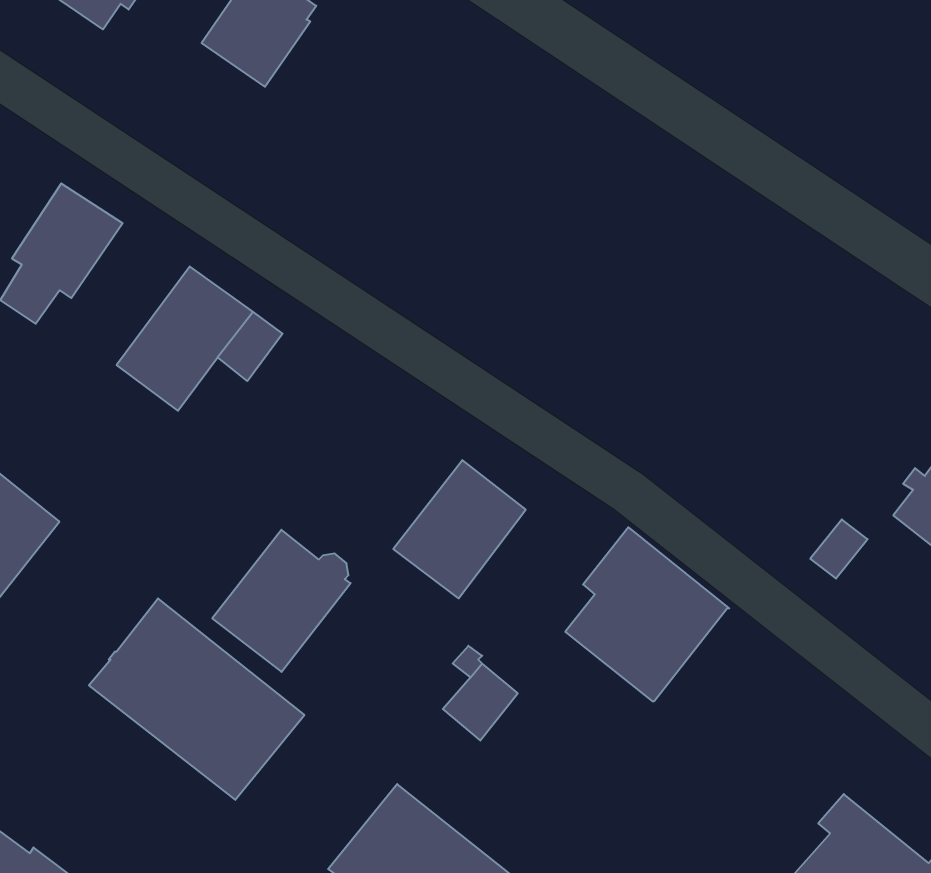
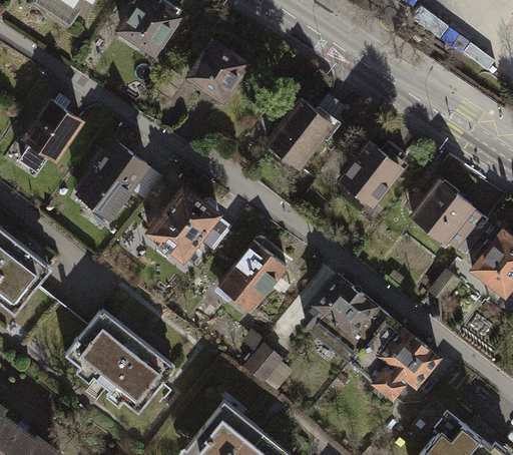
building: none -> [190,43,245,98]
building: none -> [267,100,336,167]
building: none -> [341,142,406,203]
building: none -> [412,181,481,242]
building: [212,530,351,672] -> [148,187,218,260]
building: none -> [351,317,438,398]

